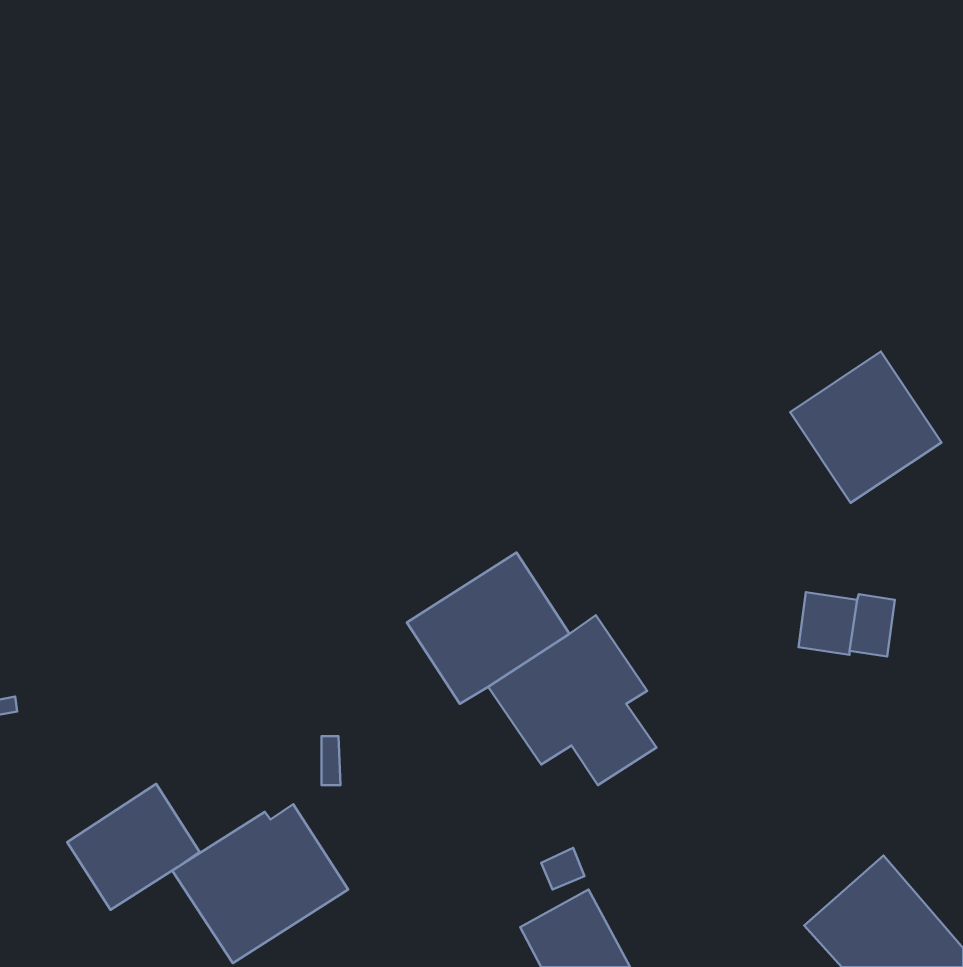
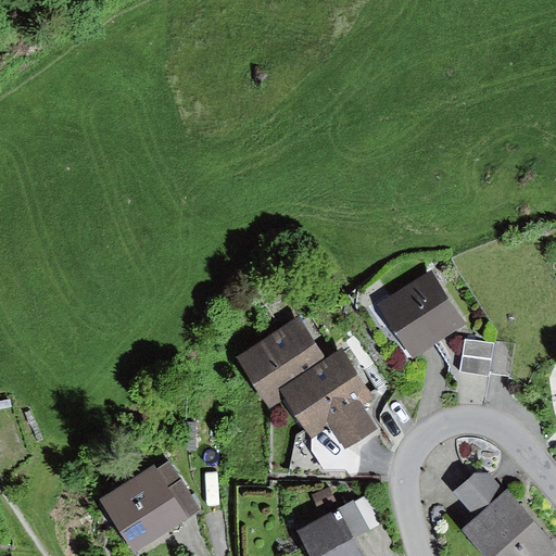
building: [790,352,941,503] -> [378,271,465,358]
building: [67,784,200,910] -> none
building: none -> [451,472,500,514]
building: none -> [337,494,383,539]

